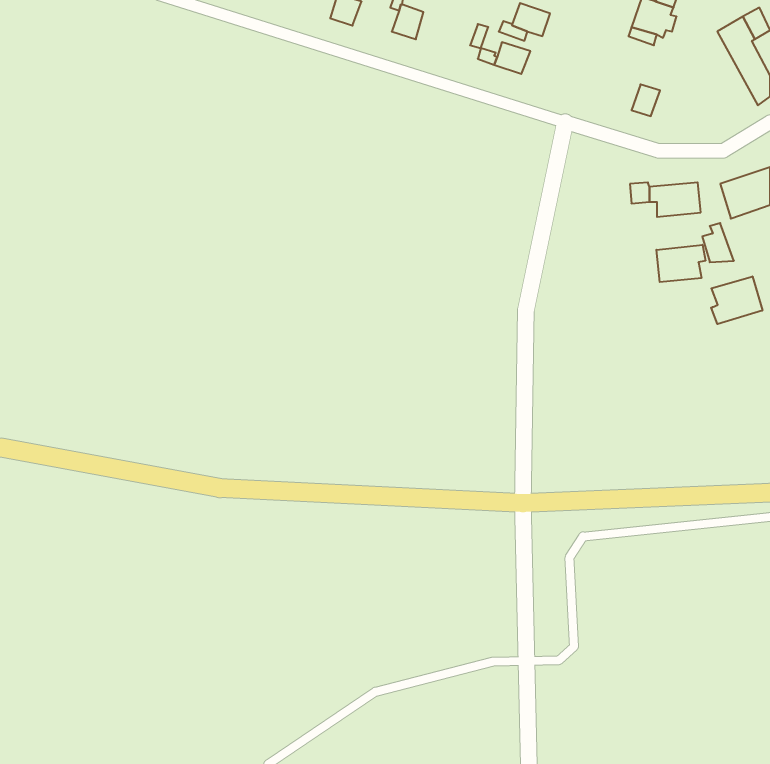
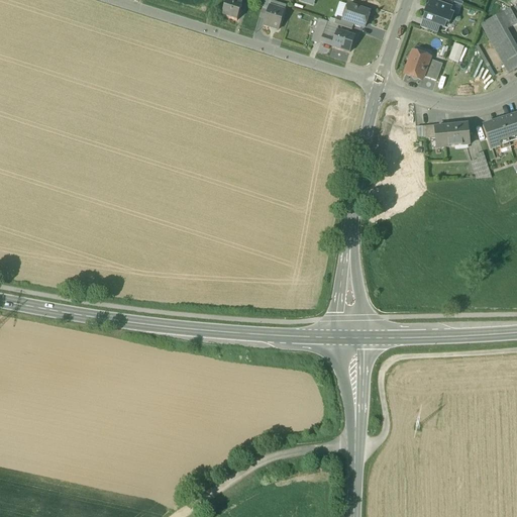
building: none -> [405,49,429,76]
building: [656,245,705,282] -> none
building: [711,276,762,324] -> none

